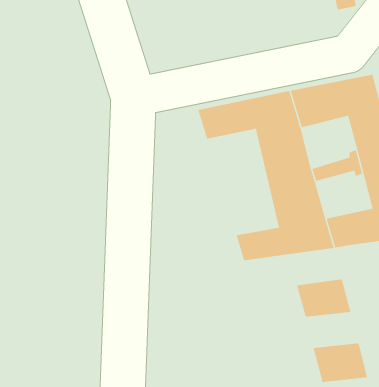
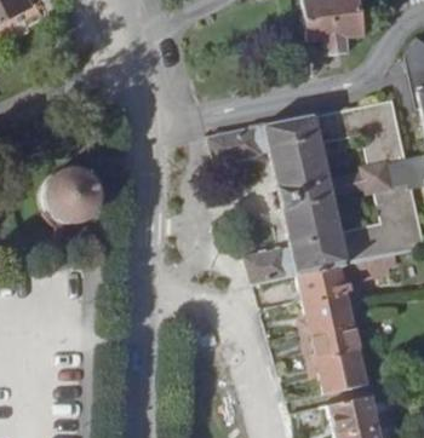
building: none -> [36,175,91,230]
building: none -> [297,265,356,302]
building: none -> [313,328,363,362]

